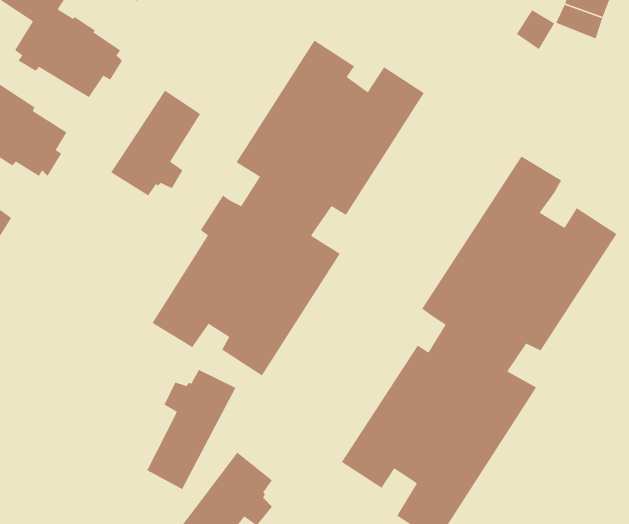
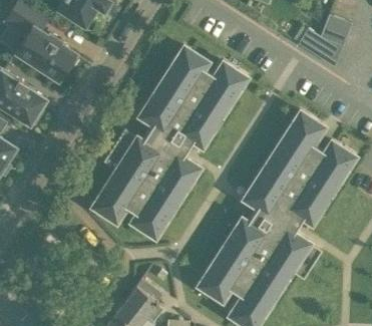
building: [110,90,201,196] -> none
building: [146,369,237,490] -> none

